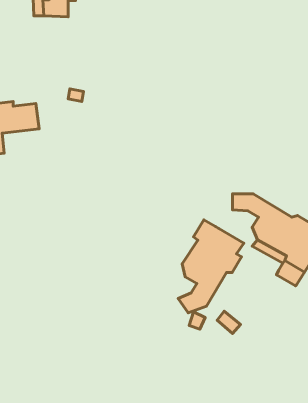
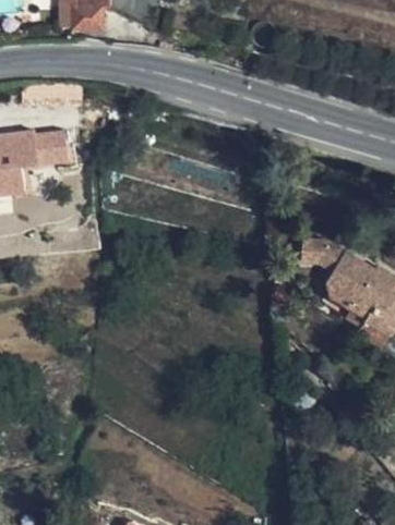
building: [178,220,244,313] -> none

